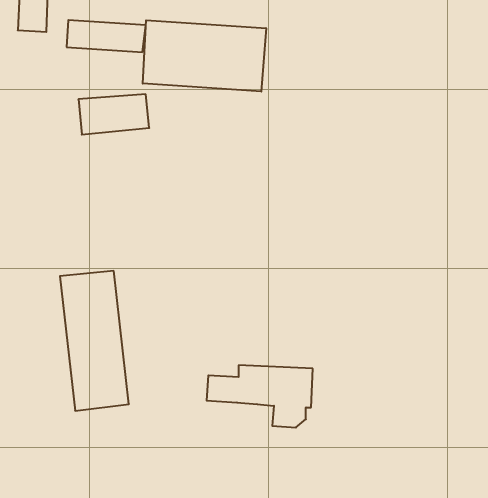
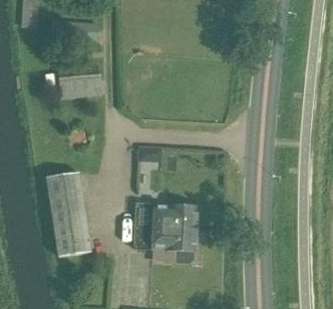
building: [143,20,266,92] -> none
building: none -> [136,203,200,234]

